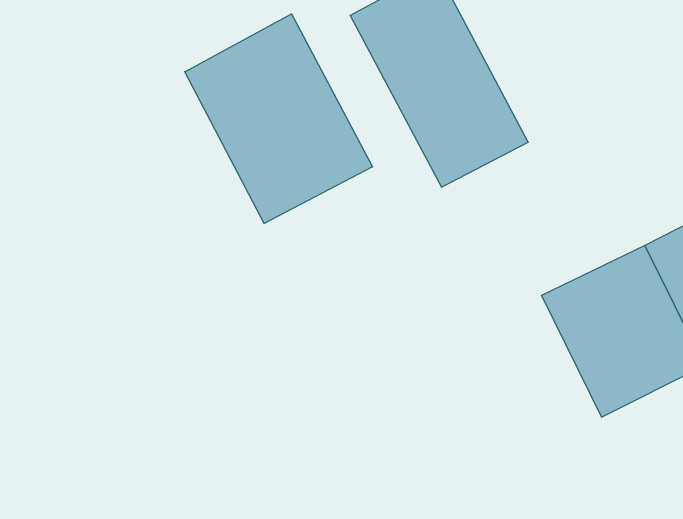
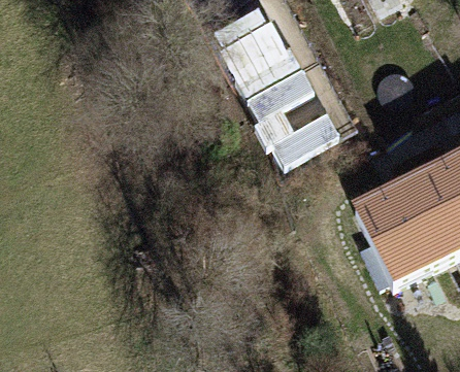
building: [185,14,373,223] -> none

